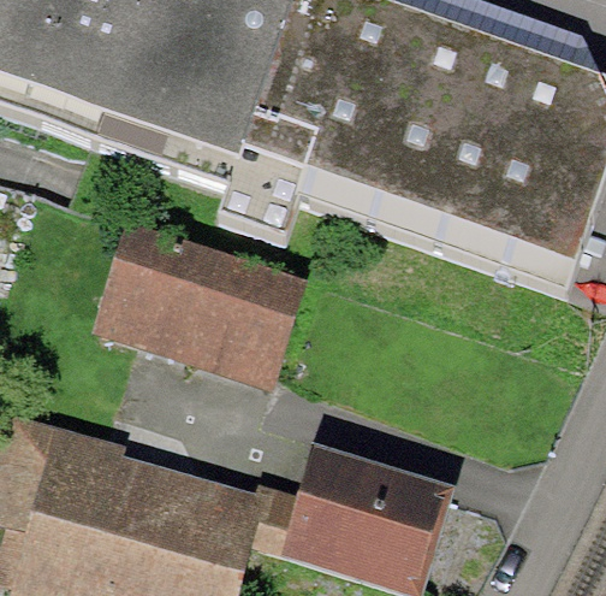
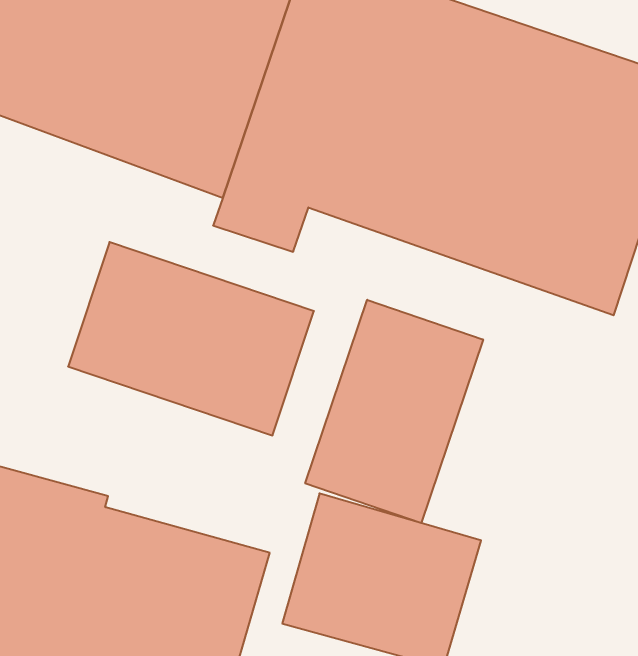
building: none -> [305,300,483,523]

